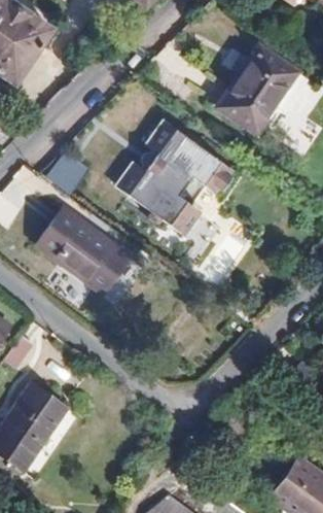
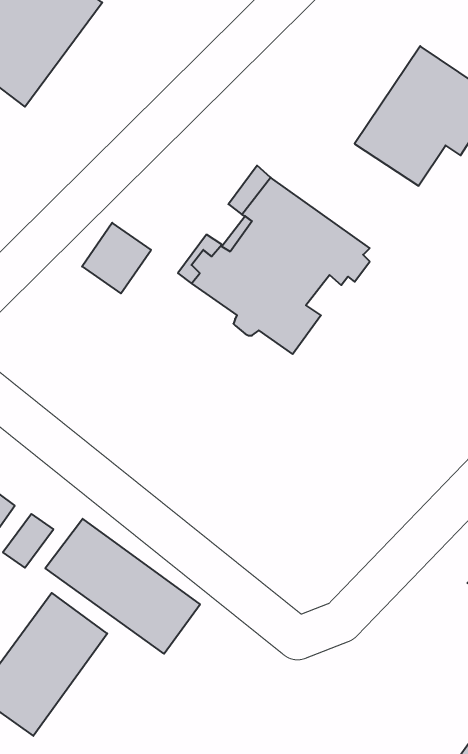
building: [34,208,129,295] -> none
building: none -> [45,519,200,654]

